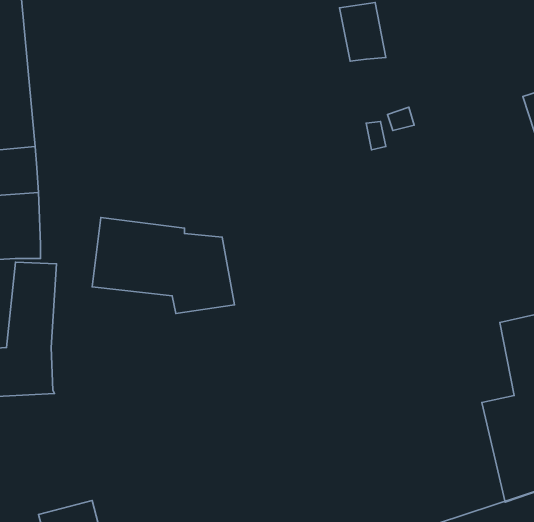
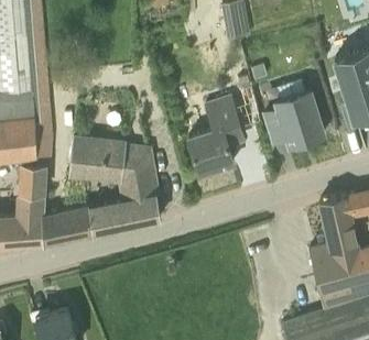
building: none -> [265,91,325,146]
building: none -> [188,98,242,174]
building: none -> [43,189,161,242]

